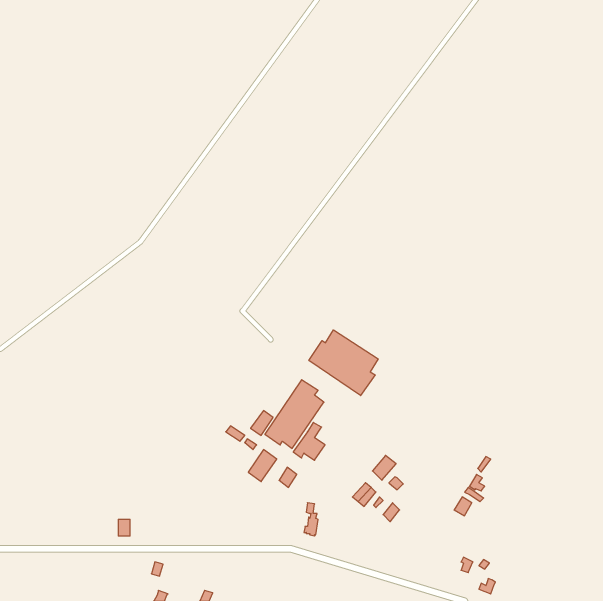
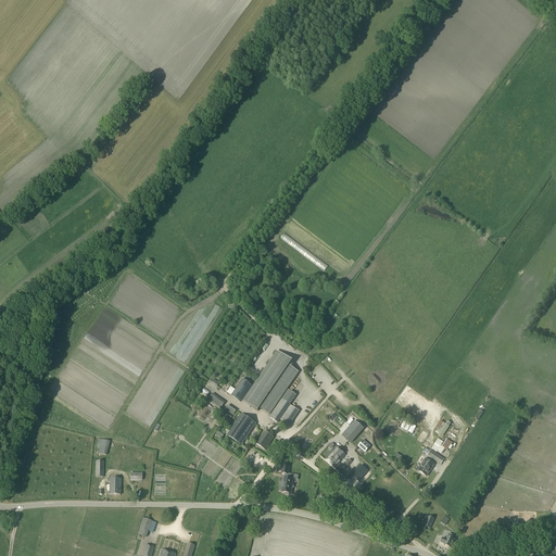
building: [309,330,378,396] -> none

